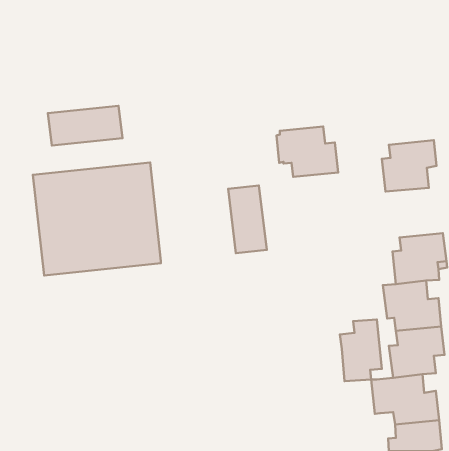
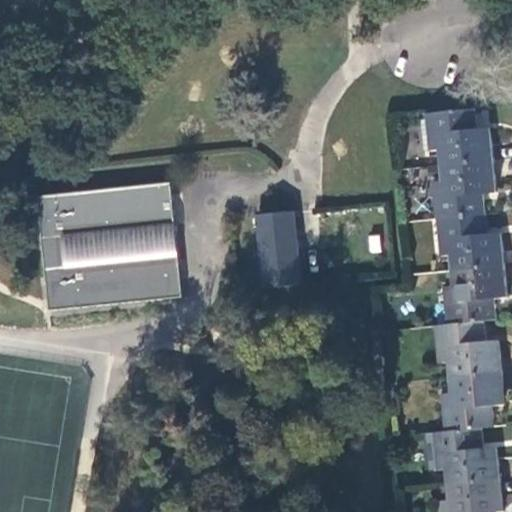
building: [48,106,122,146] -> none
building: [276,127,338,177] -> [421,107,491,164]
building: none -> [436,213,501,269]
building: [340,319,382,381] -> none

